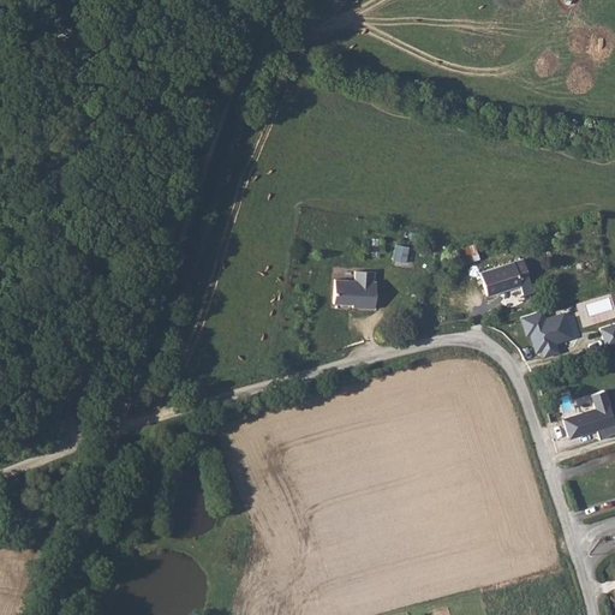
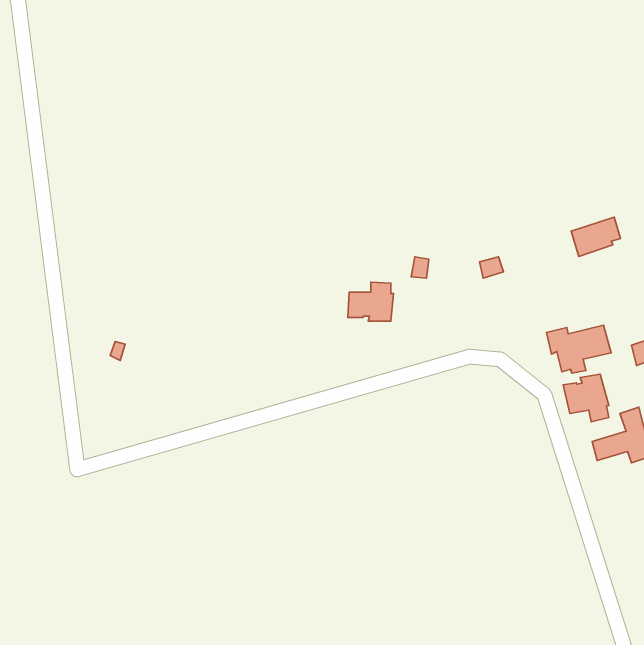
building: [488,257,535,294] -> [571,217,620,256]
building: none -> [563,374,609,422]

